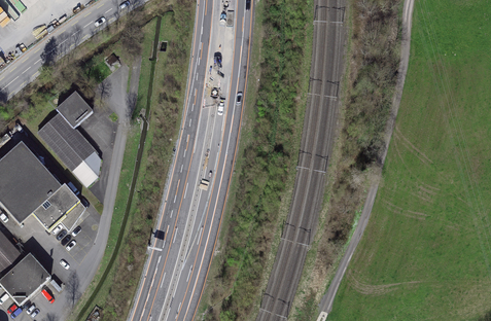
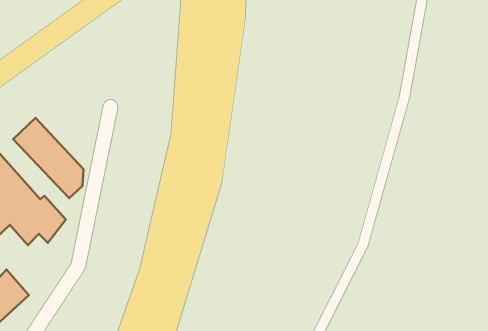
building: [56,91,92,127] -> none

